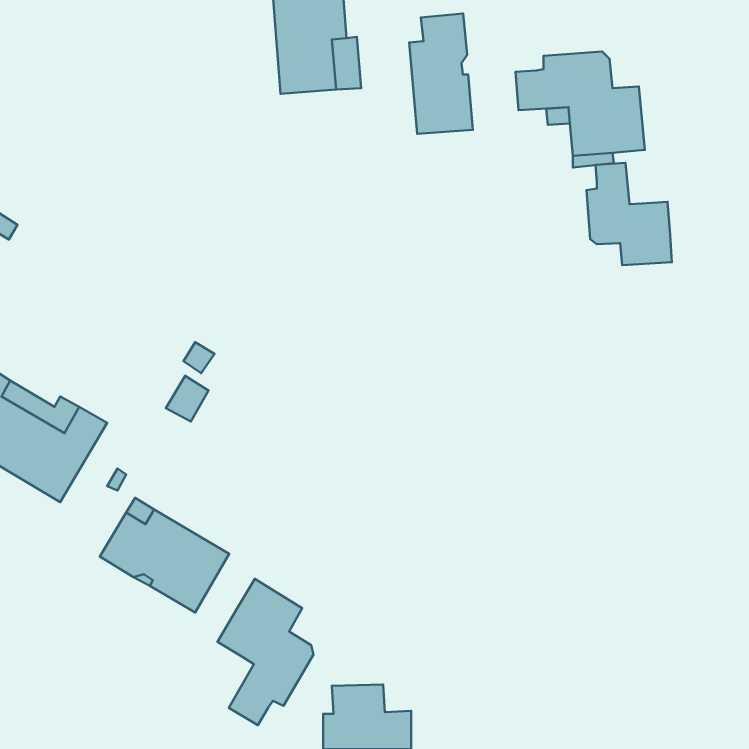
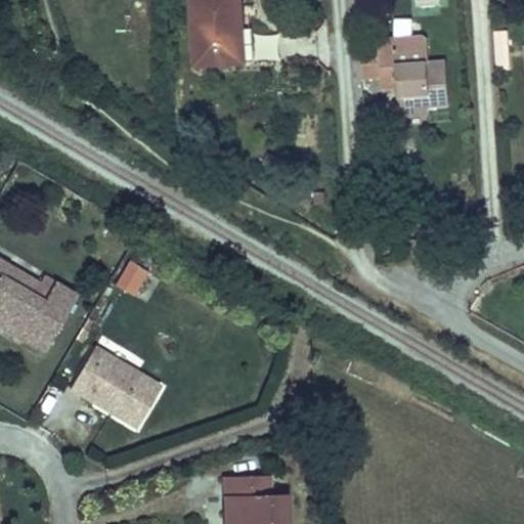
building: [409,13,473,134] -> none
building: [586,163,672,265] -> none
building: [217,579,314,725] -> none

